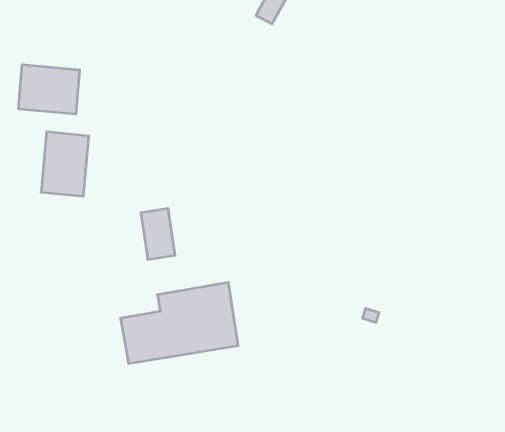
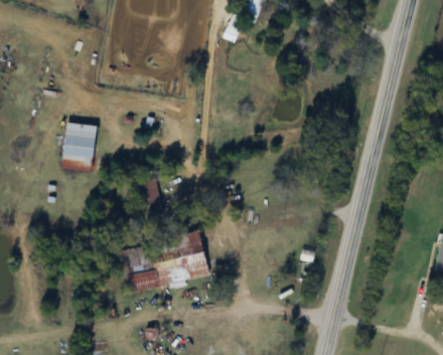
building: [19,65,80,114] -> none

